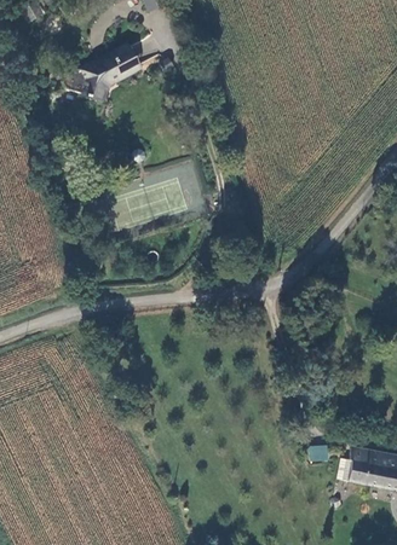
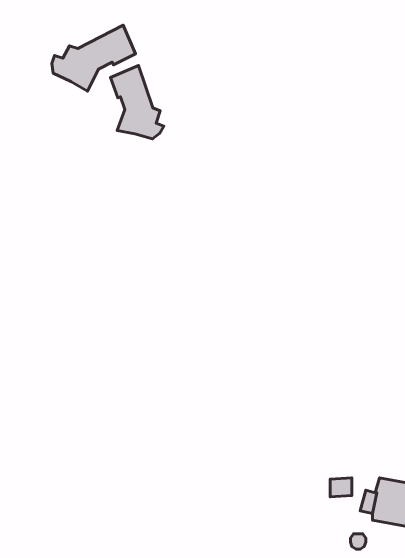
building: none -> [110,65,164,139]

